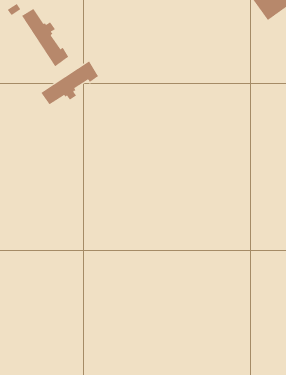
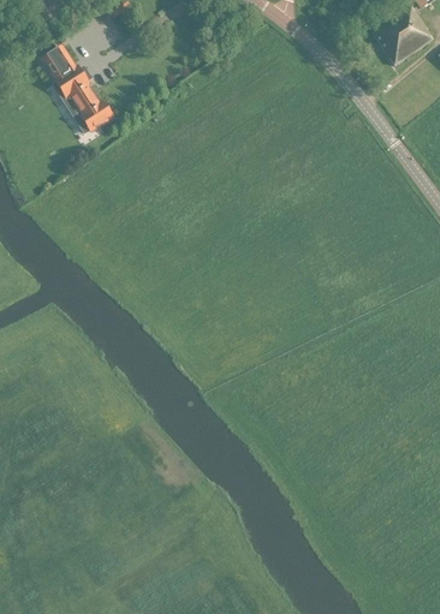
building: [41,61,99,105] -> none

